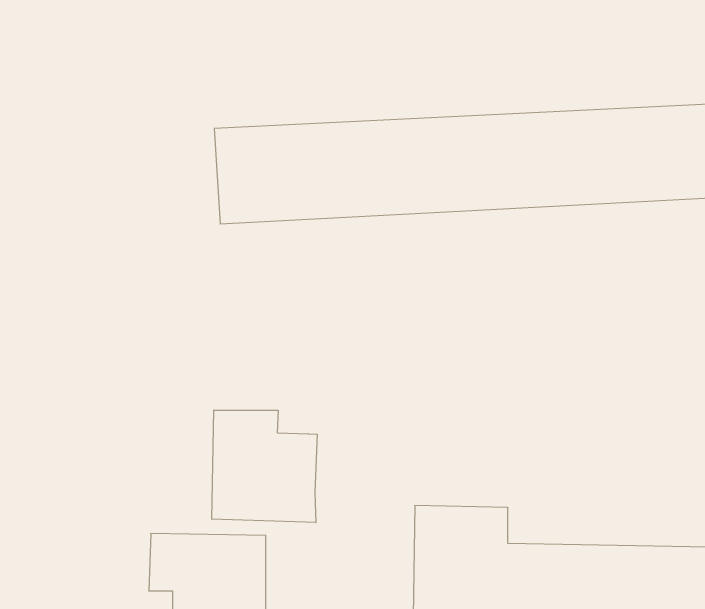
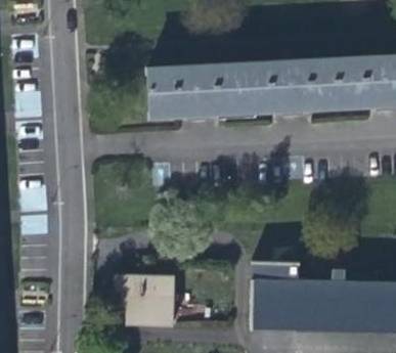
building: [212,410,317,523] -> none

